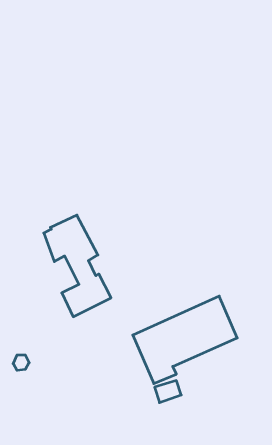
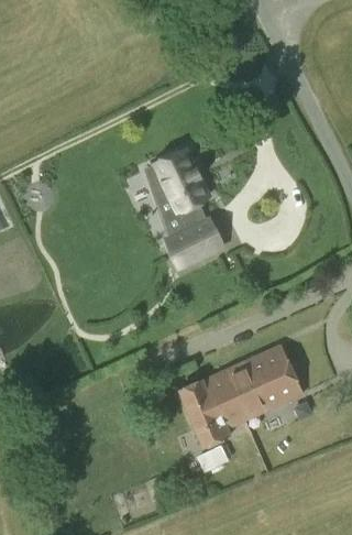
building: [44,215,111,317] -> [144,152,222,270]

